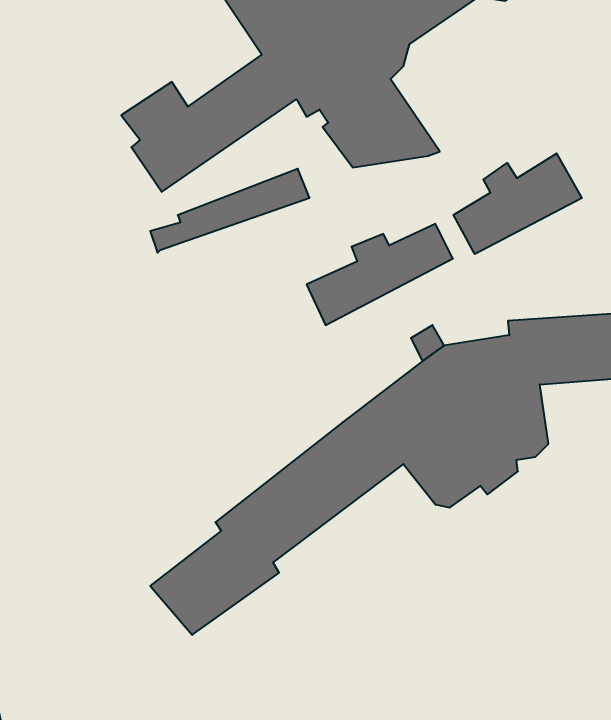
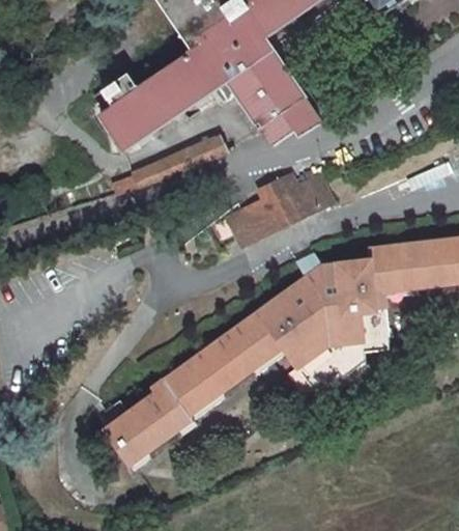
building: [454,153,582,254] -> none

